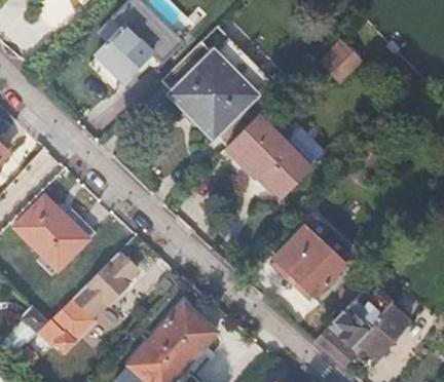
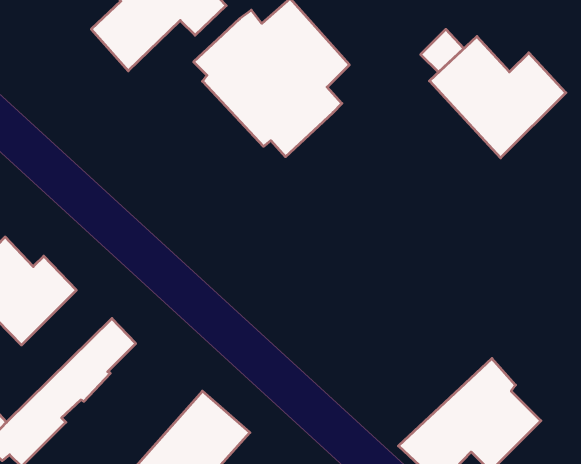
building: [236,111,331,195] -> [429,36,566,158]
building: [276,216,354,297] -> none

